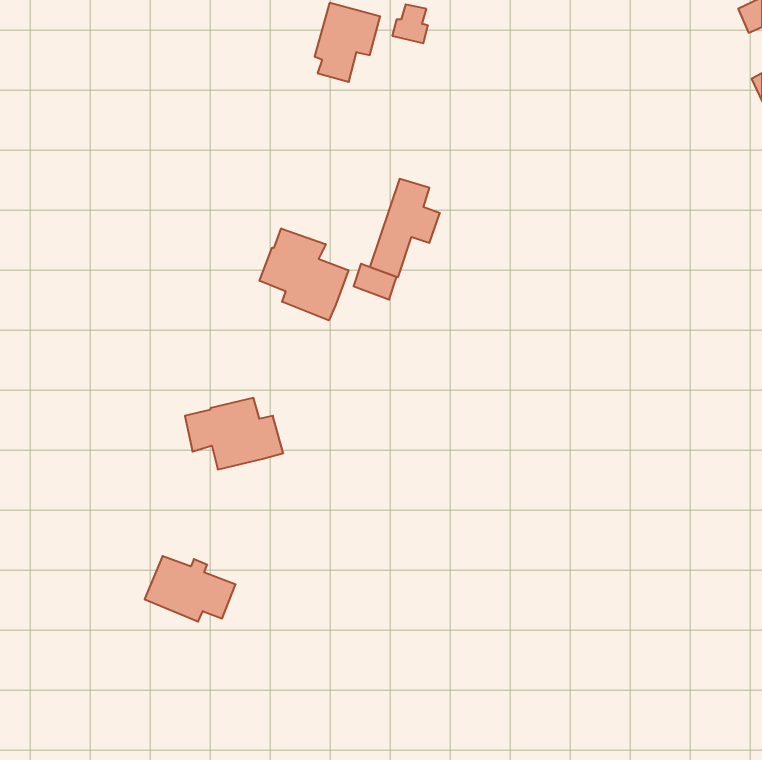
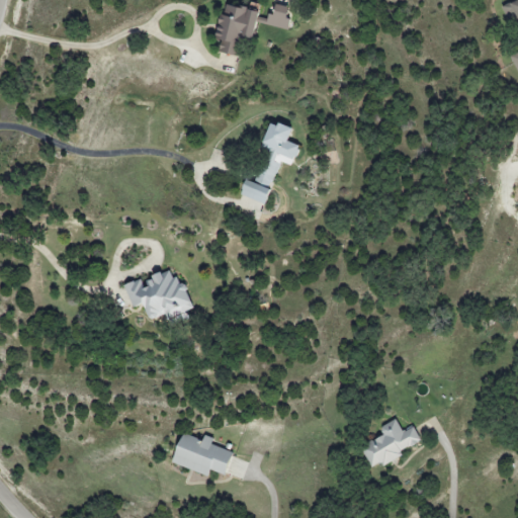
building: [260,228,348,320] -> none
building: [145,556,236,622] -> [171,432,233,477]
building: none -> [362,419,421,466]

